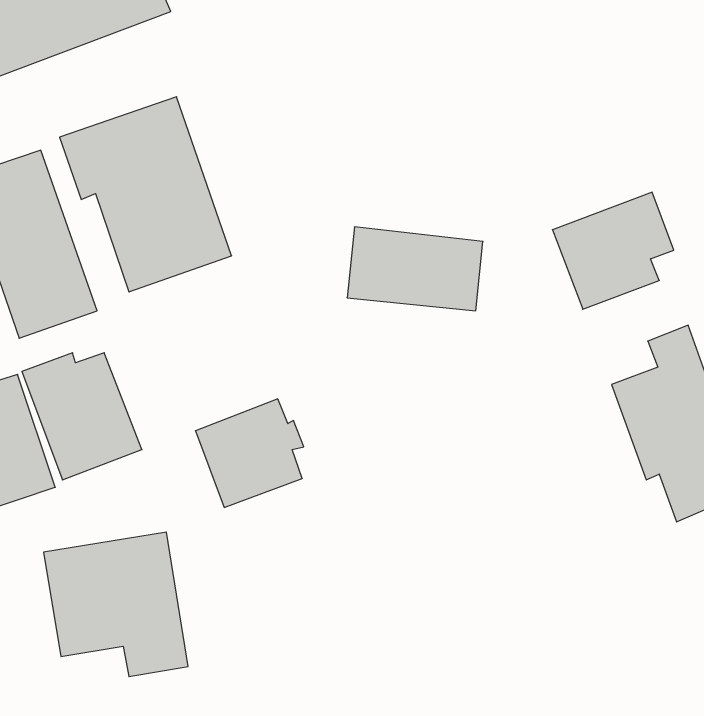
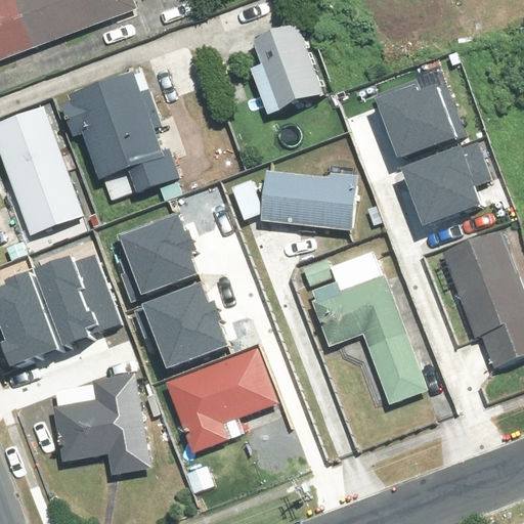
building: none -> [256,19,322,103]
building: none -> [377,75,462,158]
building: none -> [125,213,202,291]
building: none -> [312,275,428,405]
building: none -> [165,348,276,453]

